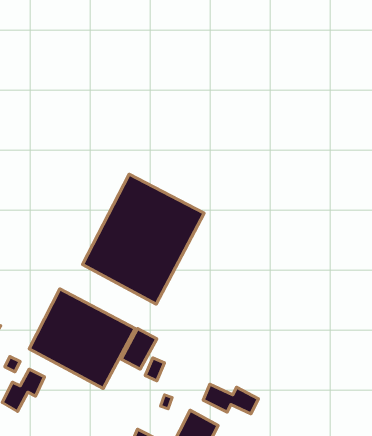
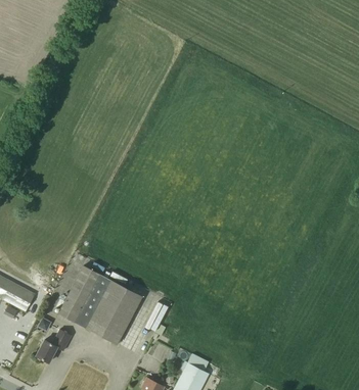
building: [82,174,204,304] -> none
building: [203,384,258,414] -> none

